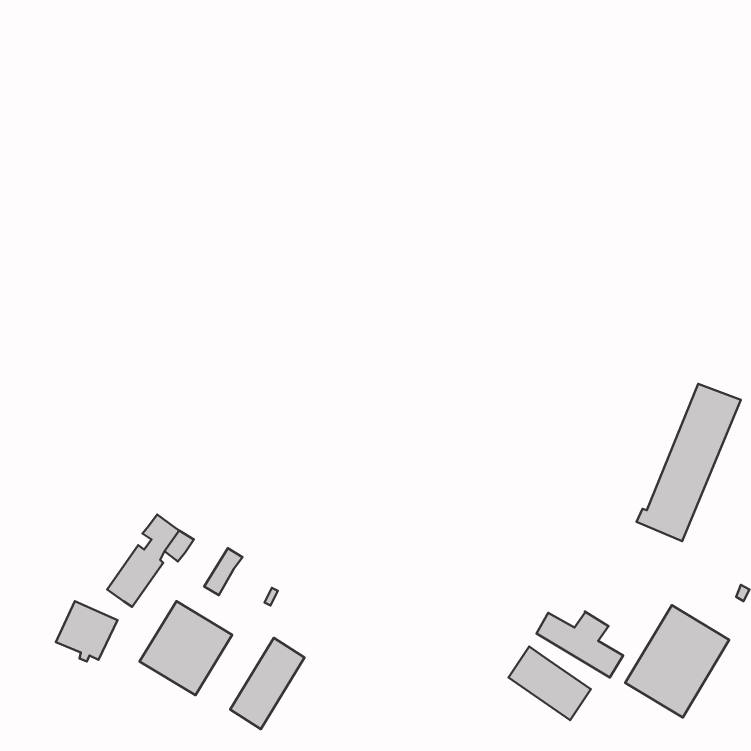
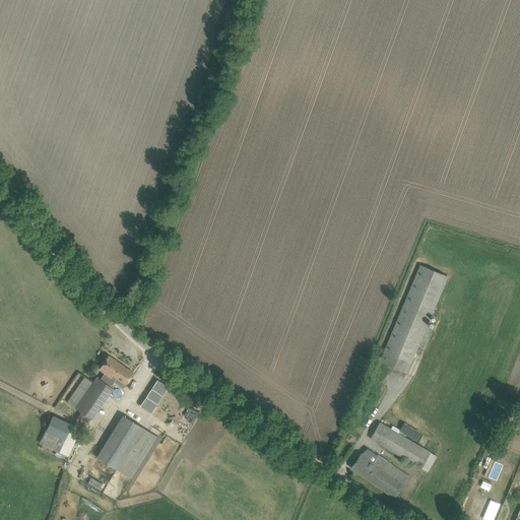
building: [637,384,741,541] -> [376,265,448,374]
building: [625,605,729,717] -> none
building: [230,638,305,729] -> none

